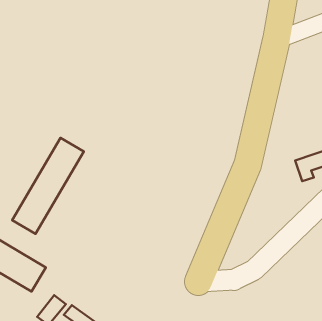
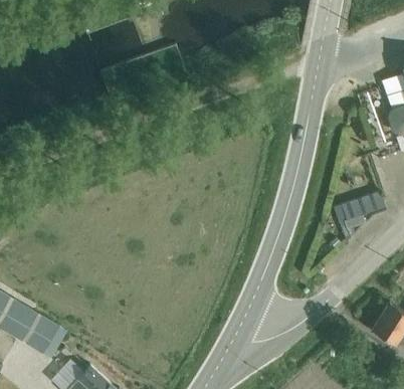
building: [12,138,84,234] -> none

